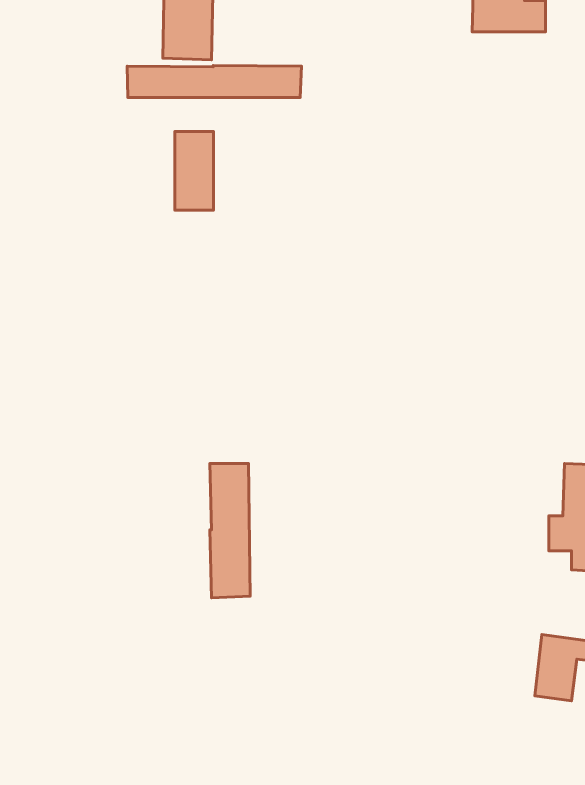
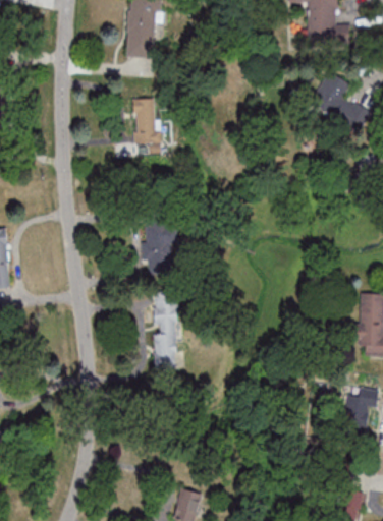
building: [127,66,302,98] -> none
building: none -> [313,71,366,125]
building: none -> [144,221,173,266]

